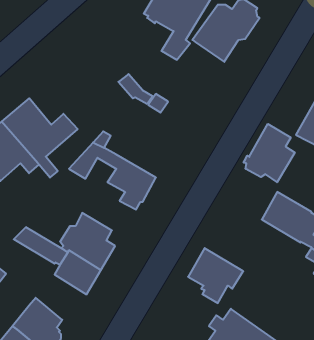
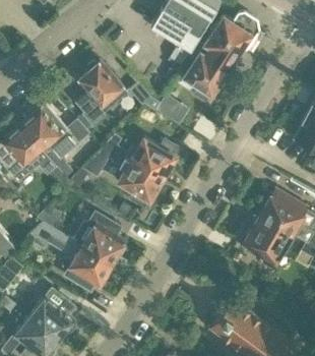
building: none -> [183,53,226,102]
building: none -> [77,61,128,125]
building: [244,124,295,182] -> none
building: none -> [126,138,179,178]
building: [188,248,243,303] -> [245,217,296,268]

